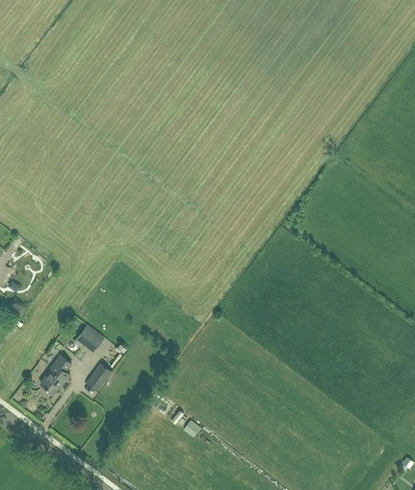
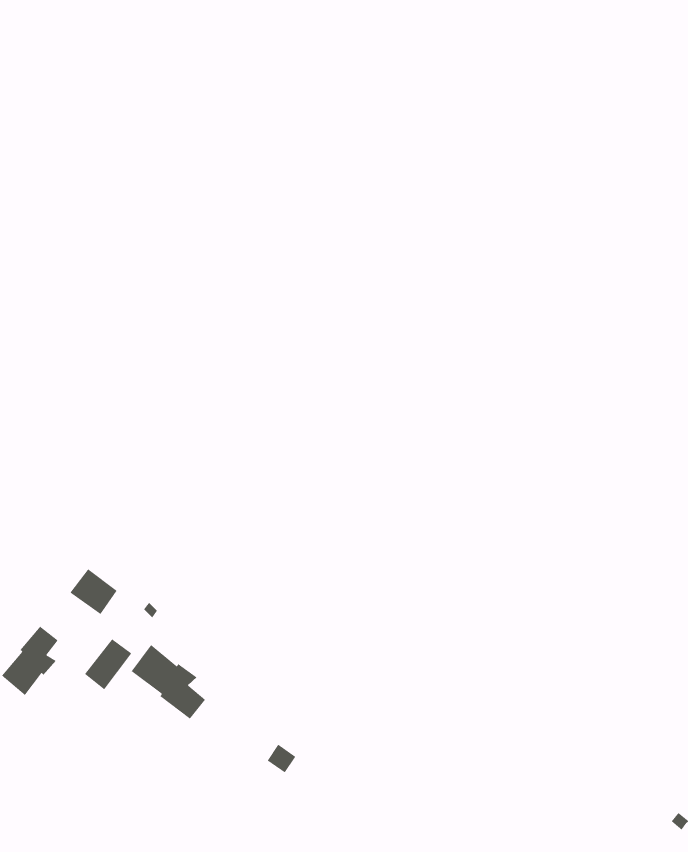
building: none -> [131,644,206,719]

